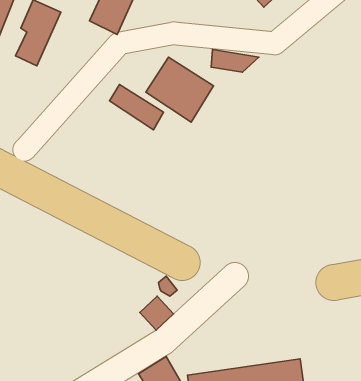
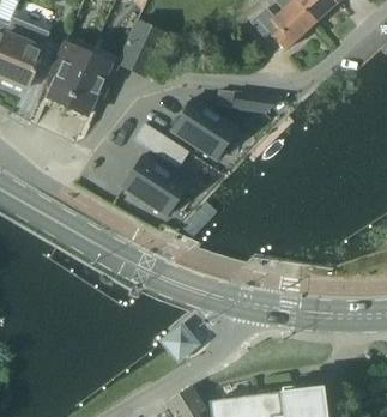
building: none -> [67,55,116,116]
building: none -> [121,155,187,216]

